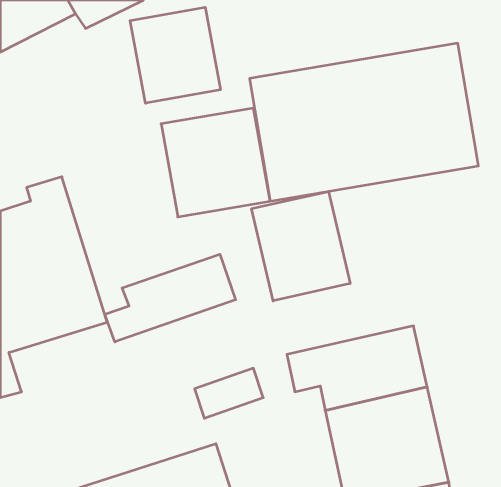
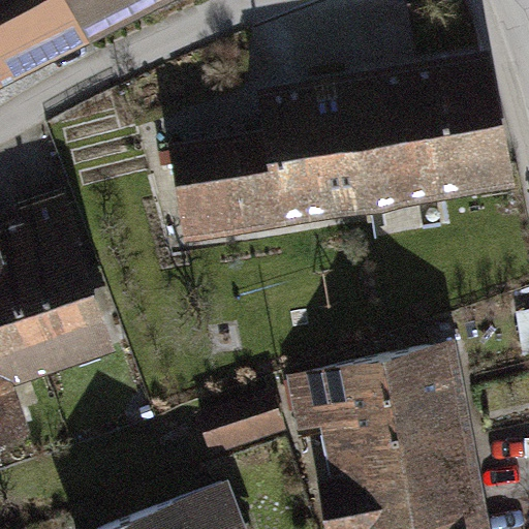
building: [130,7,220,103] -> none
building: [252,191,350,301] -> none
building: [105,254,236,342] -> none

